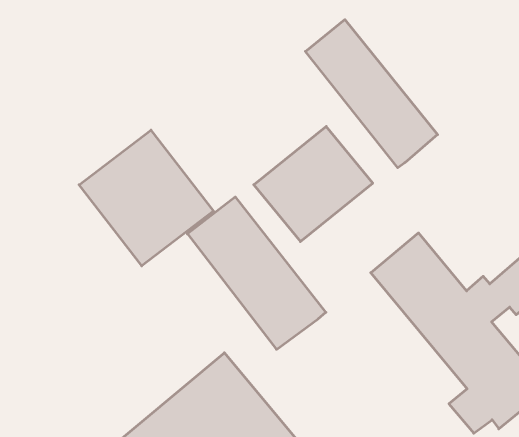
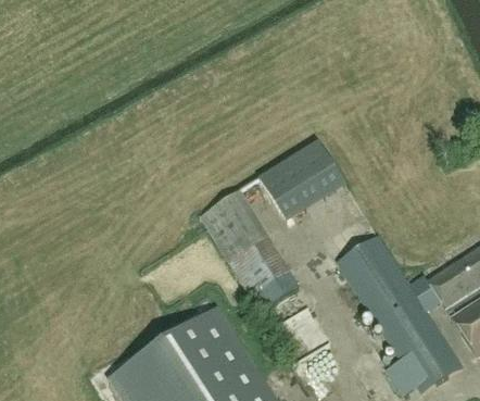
building: [305,20,438,168] -> none
building: [79,130,214,266] -> none

